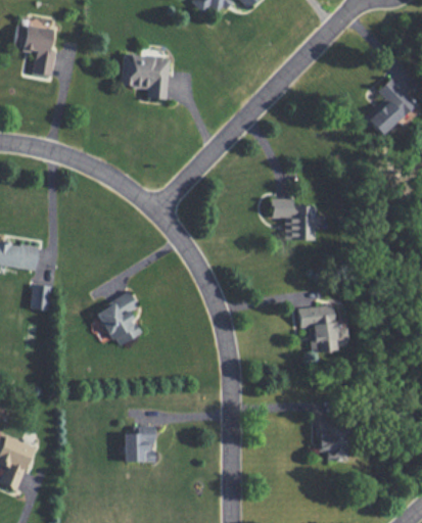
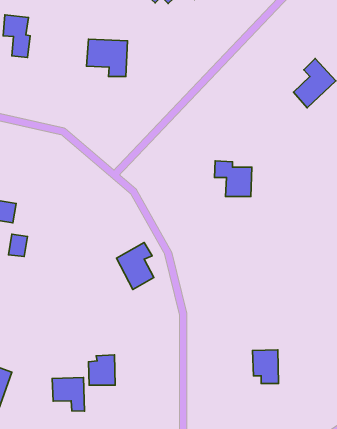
building: [97,292,141,347] -> [116,243,154,290]
building: [298,305,348,352] -> none
building: none -> [52,378,85,411]

